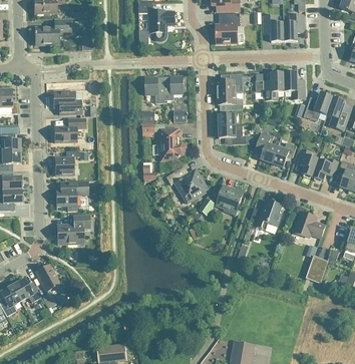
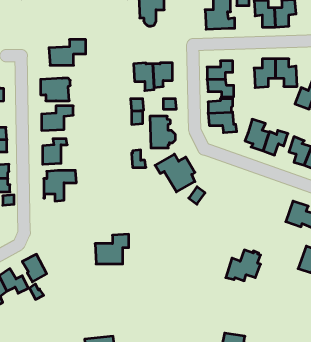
building: [34,19,70,44] -> [49,40,86,65]
building: [216,185,243,215] -> none
building: [248,200,282,230] -> [226,250,261,281]
building: [56,215,89,244] -> [95,234,129,264]

